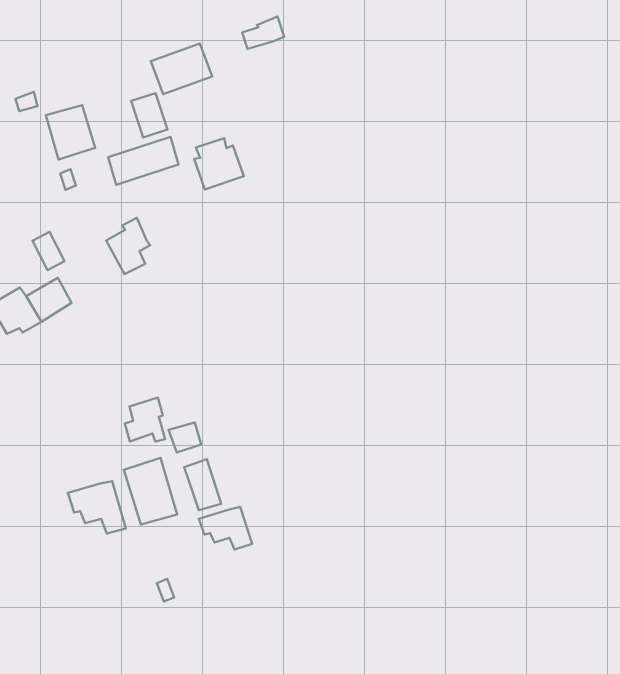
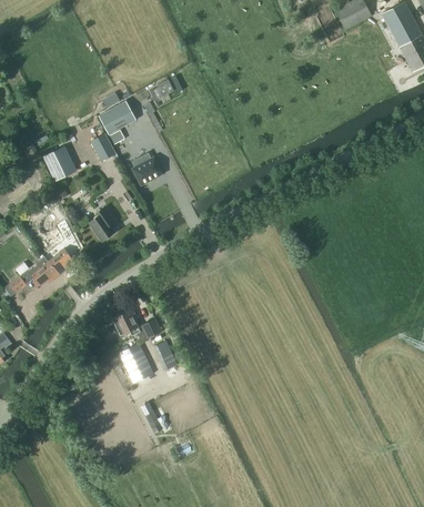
building: [108,137,179,185] -> none
building: [68,481,126,533] -> none
building: [199,507,252,549] -> none

